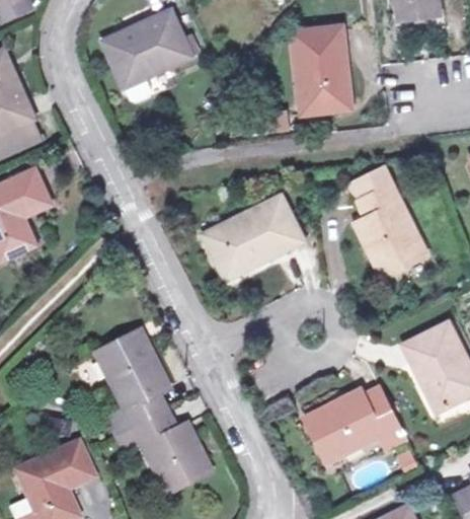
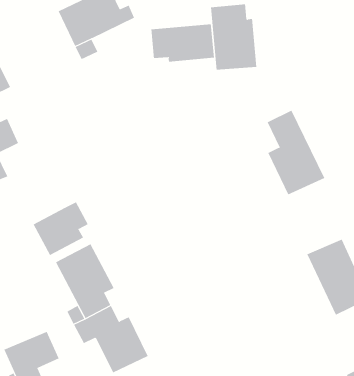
building: none -> [151,24,215,63]
building: [208,190,309,268] -> none
building: none -> [33,201,88,256]
building: [309,386,404,457] -> none

